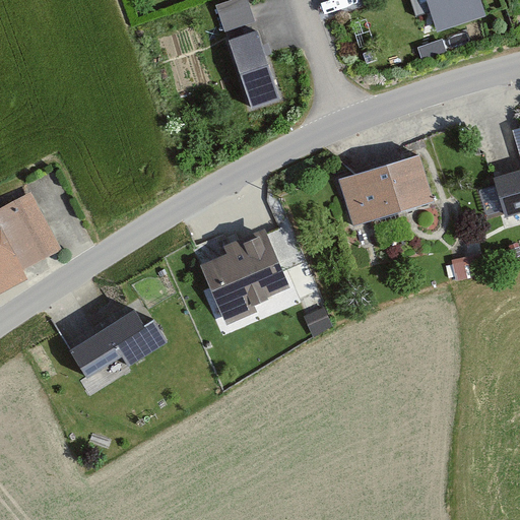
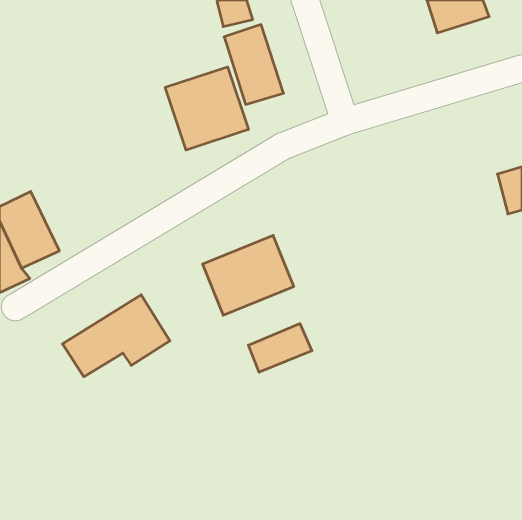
building: none -> [165,67,248,150]
building: [338,152,435,223] -> none
building: none -> [248,324,312,372]

